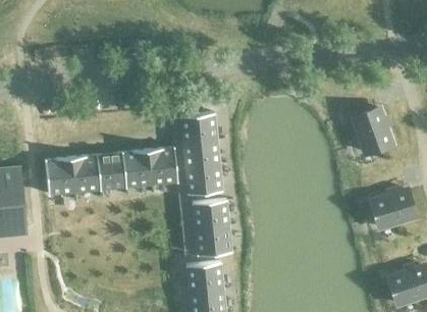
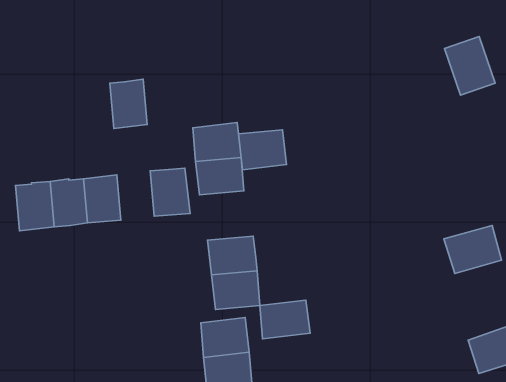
building: [353,107,391,152] -> [445,36,495,95]
building: [121,149,150,187] -> [110,79,147,128]
building: [184,164,221,195] -> [239,130,287,170]
building: none -> [260,300,310,339]

